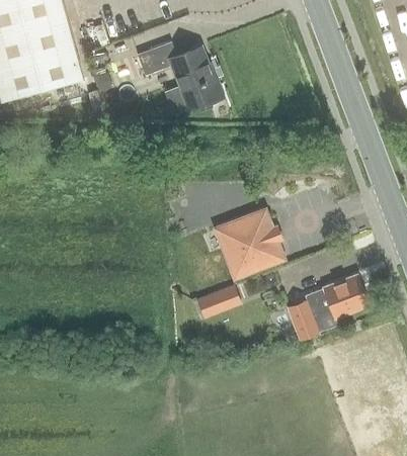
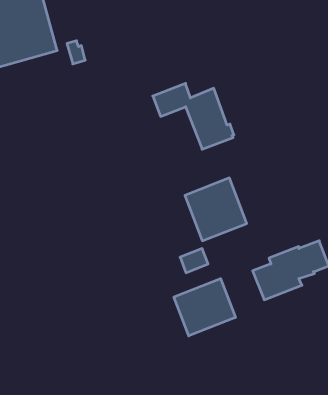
building: [137,41,222,110] -> [153,83,234,149]
building: none -> [174,279,235,336]

